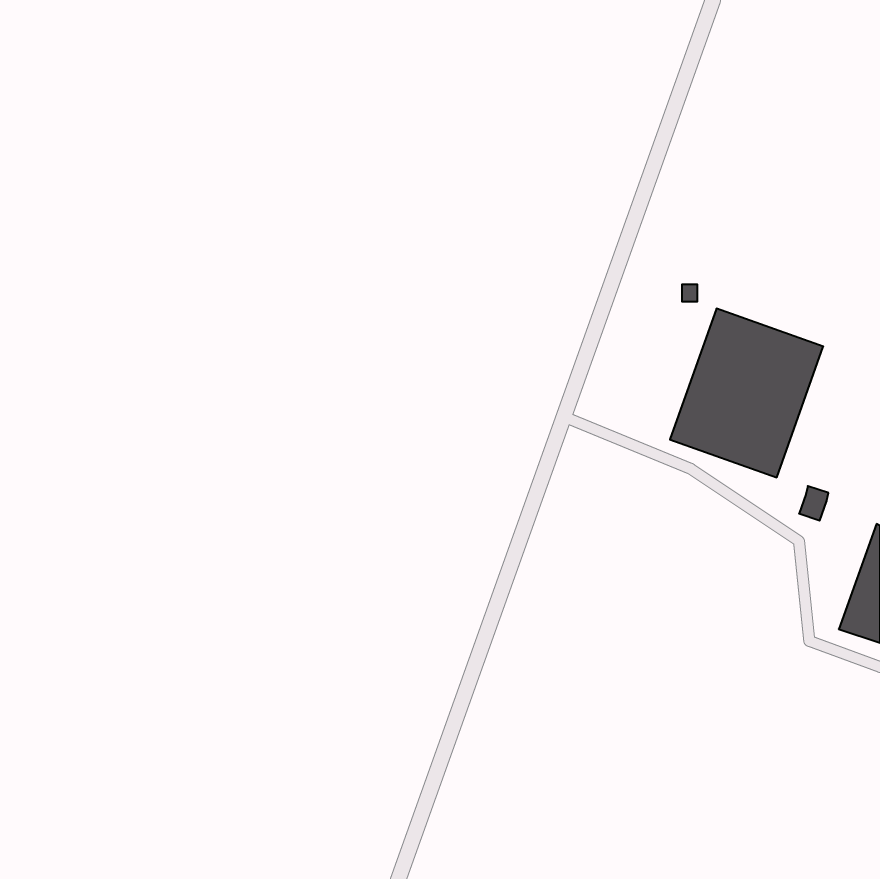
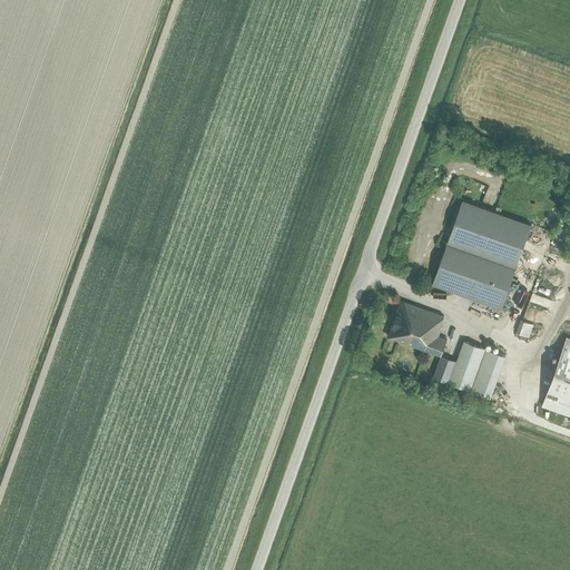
building: none -> [387,302,448,356]
building: none -> [439,342,505,399]

